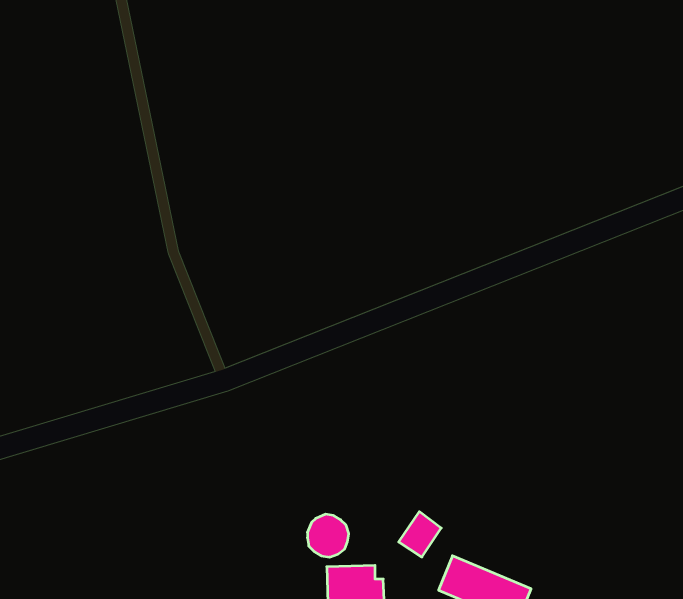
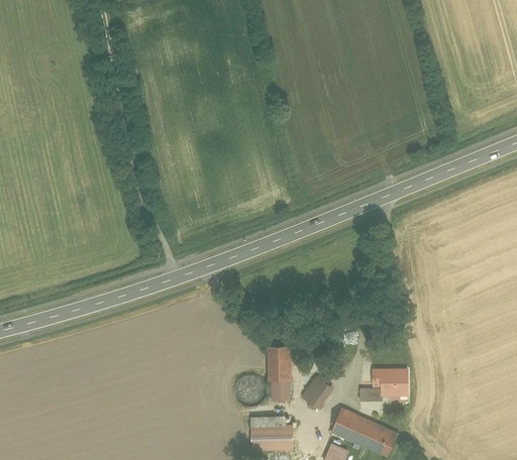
building: none -> [270,344,291,400]
building: none -> [367,373,406,400]

